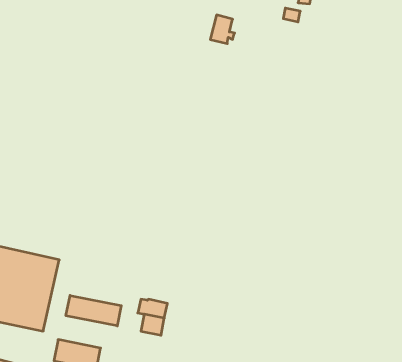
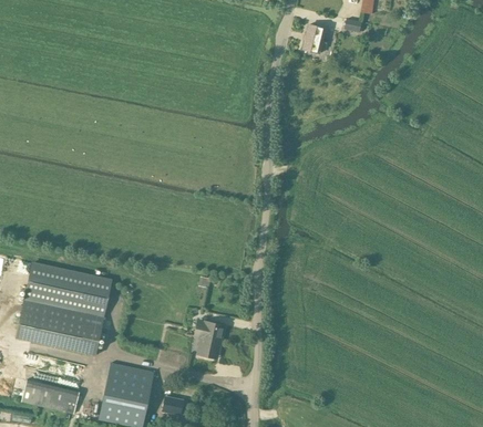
building: [210,15,235,44] -> [302,23,328,53]
building: [66,295,121,326] -> none

